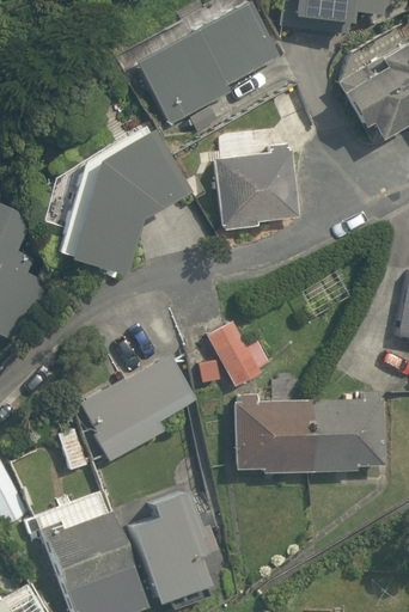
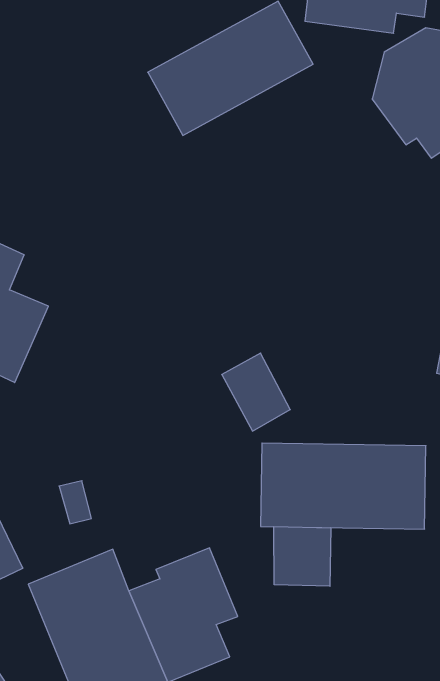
building: [61,126,191,280] -> none
building: [216,140,295,227] -> none
building: [81,355,196,458] -> none
building: none -> [274,527,331,586]

